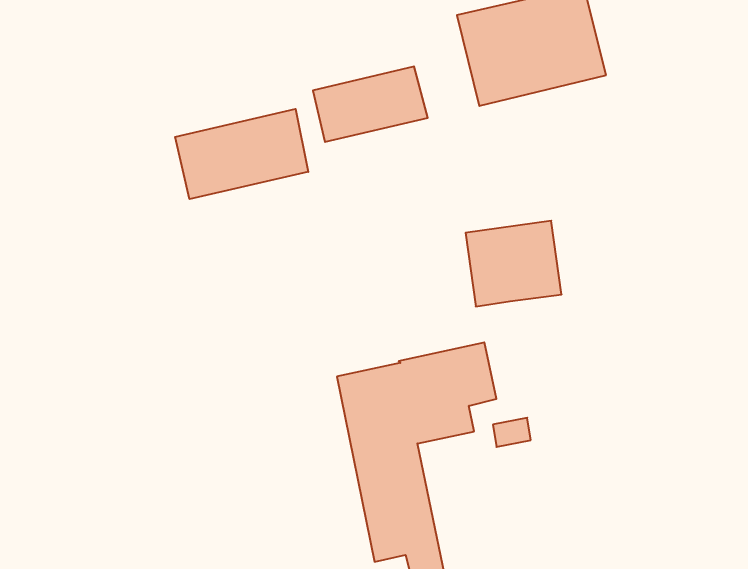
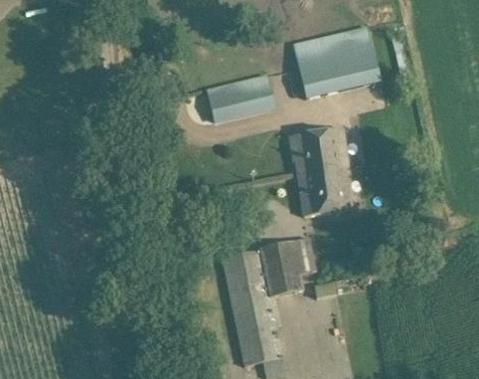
building: [175,109,308,199] -> none
building: none -> [289,127,347,172]

